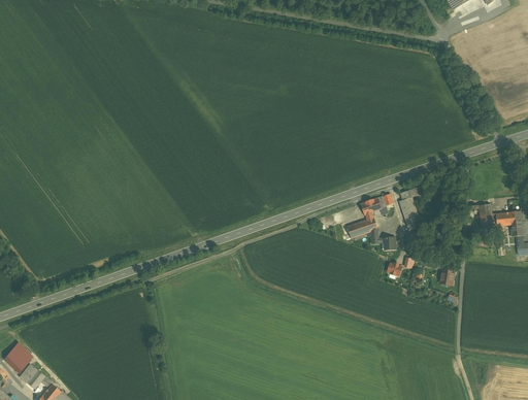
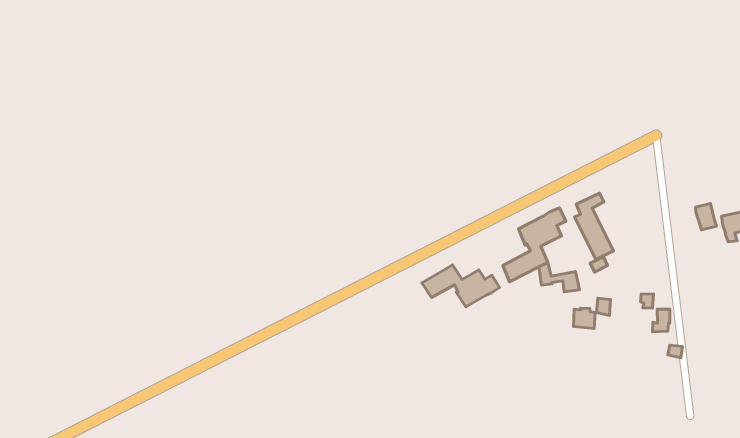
building: none -> [422,265,499,307]

